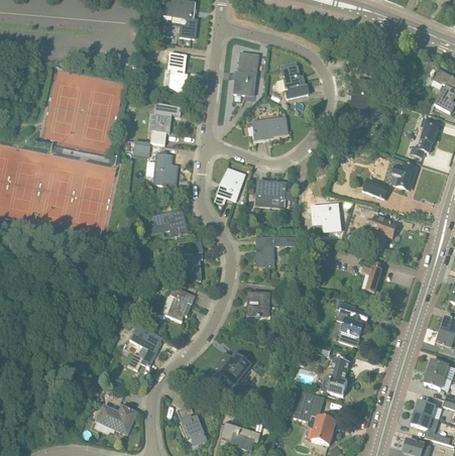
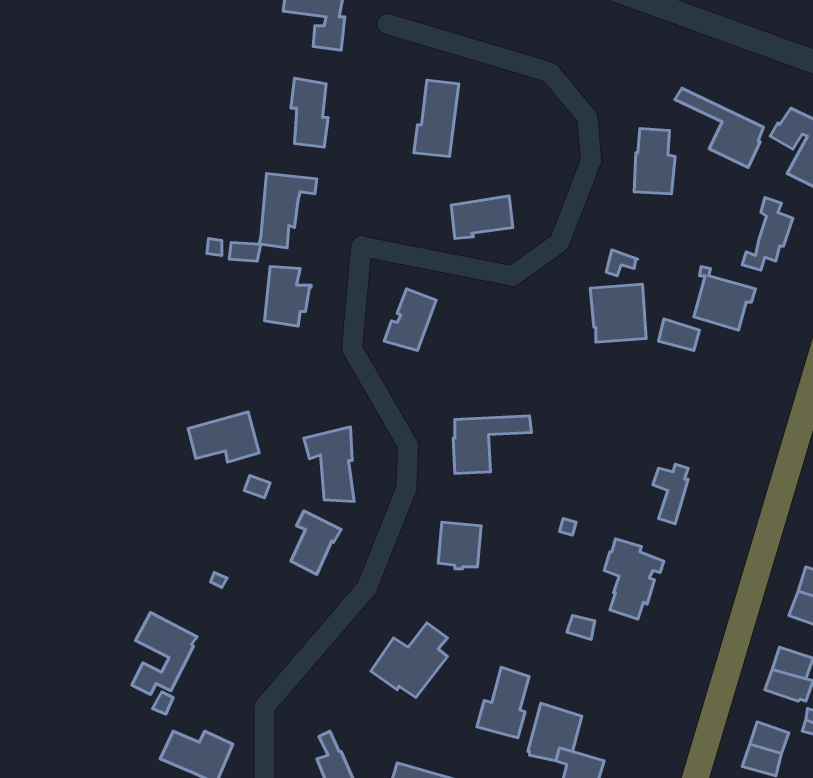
building: none -> [675,88,764,167]
building: [276,65,308,98] -> none
building: [256,182,285,206] -> none
building: [311,202,341,233] -> [590,284,646,342]
building: [148,208,187,235] -> [188,412,259,462]
building: [370,213,395,237] -> none
building: [127,324,162,368] -> [132,613,197,695]
building: [321,356,349,394] -> [477,667,529,738]

